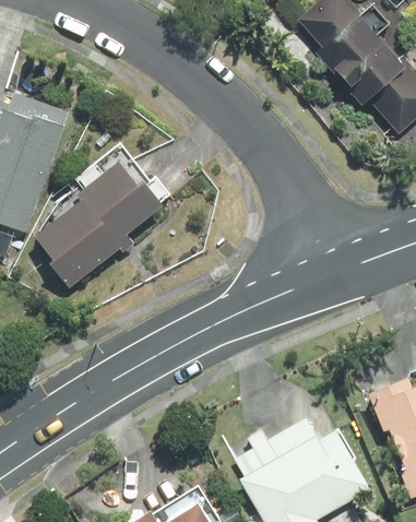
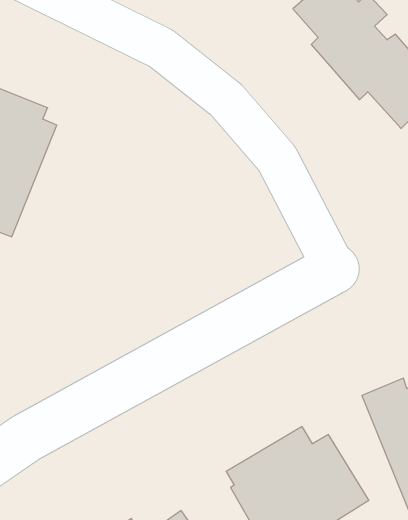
building: [41,161,170,287] -> none

